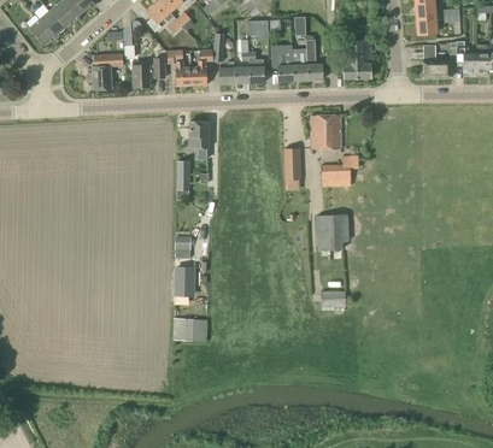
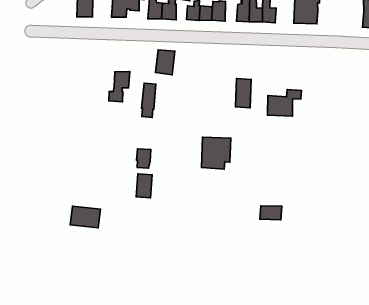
building: [310,114,341,149] -> none
building: none -> [109,72,130,102]
building: [315,213,348,249] -> [201,137,231,169]
building: [172,318,206,341] -> [70,206,101,228]

